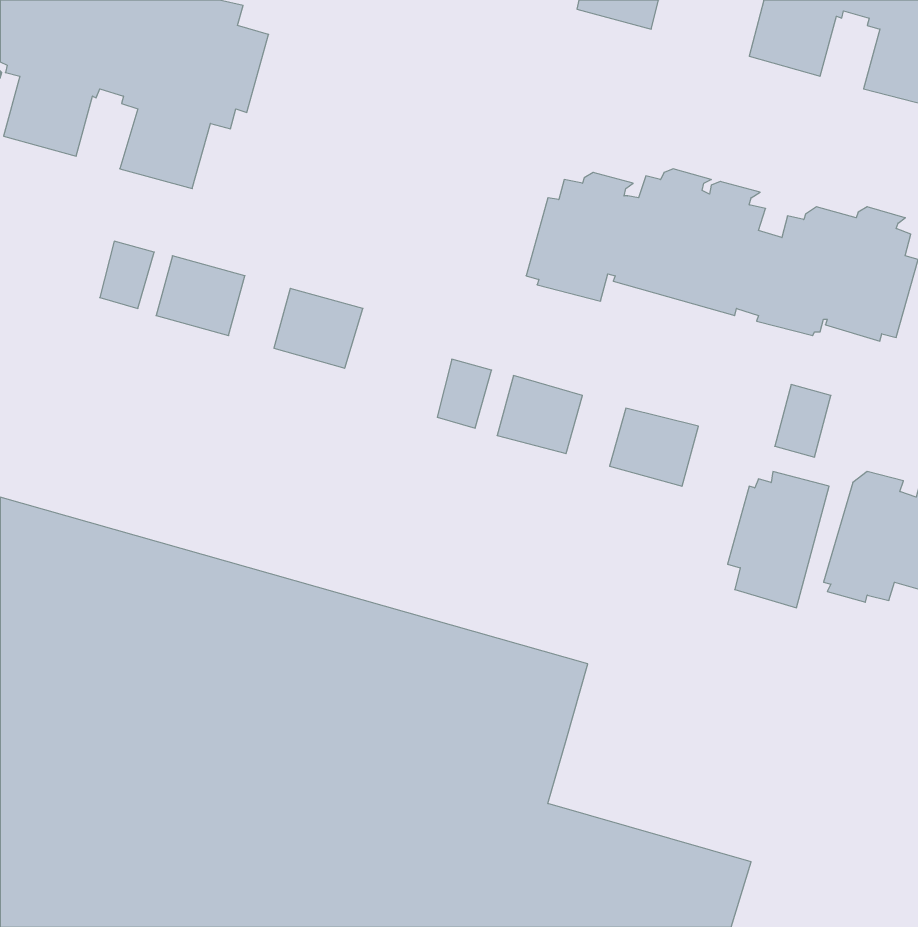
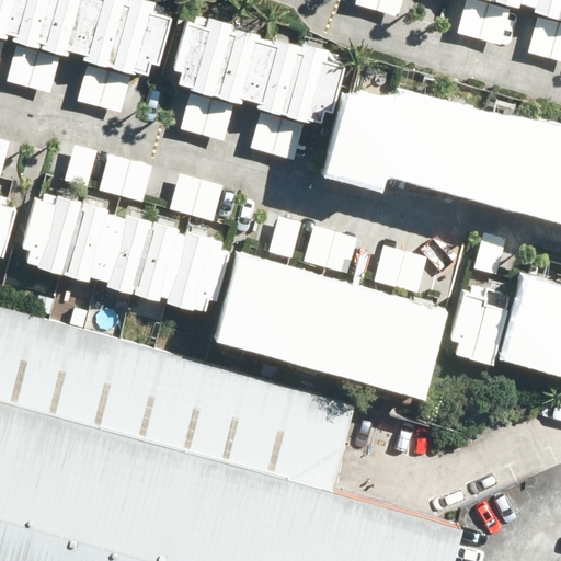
building: none -> [169,15,342,161]
building: none -> [18,196,224,313]
building: none -> [221,265,430,387]

